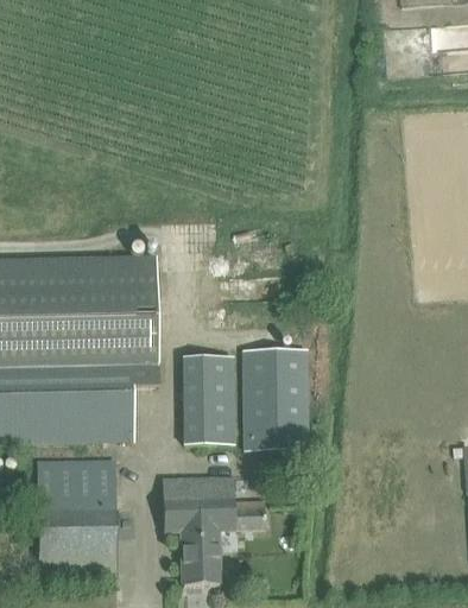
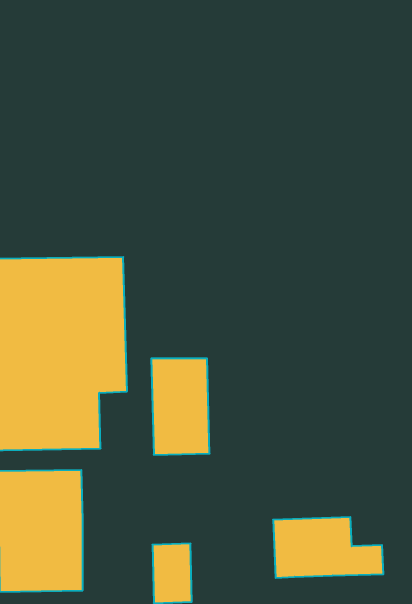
building: [242,347,311,449] -> none
building: [162,473,265,530] -> [273,517,383,578]

